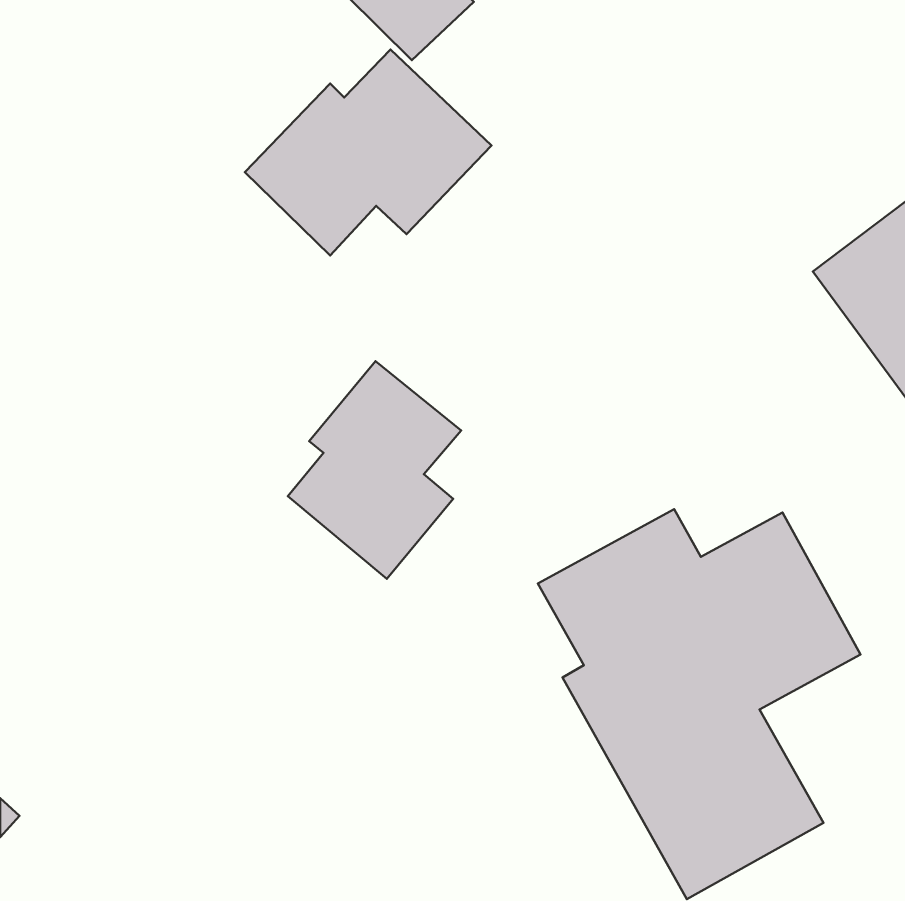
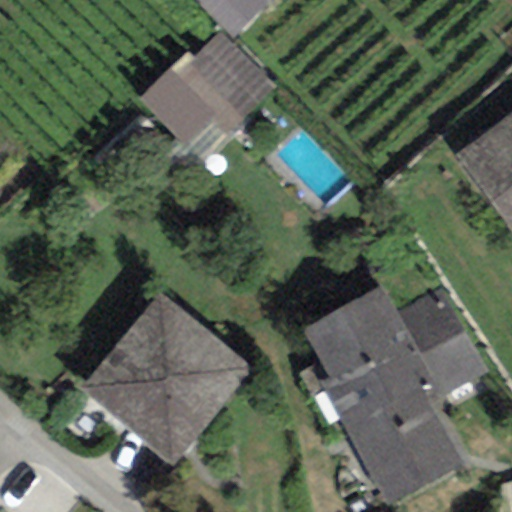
building: [288,361,461,579] -> none
building: none -> [84,293,253,464]

